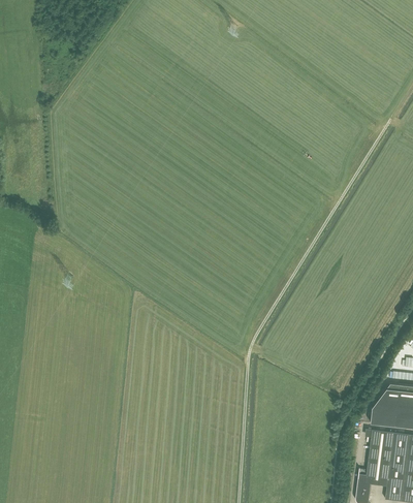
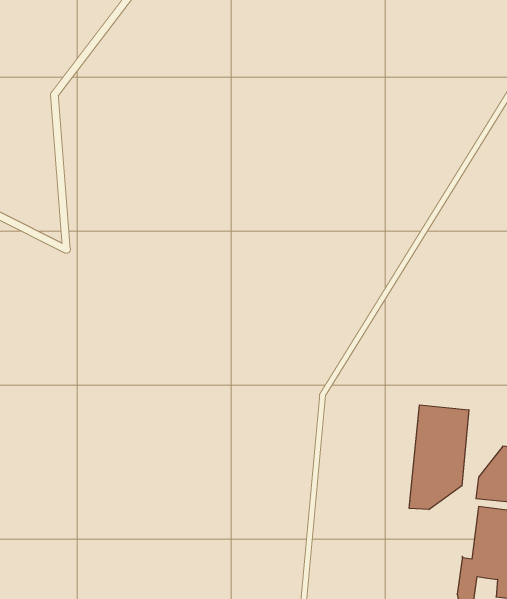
building: none -> [409,405,469,510]

